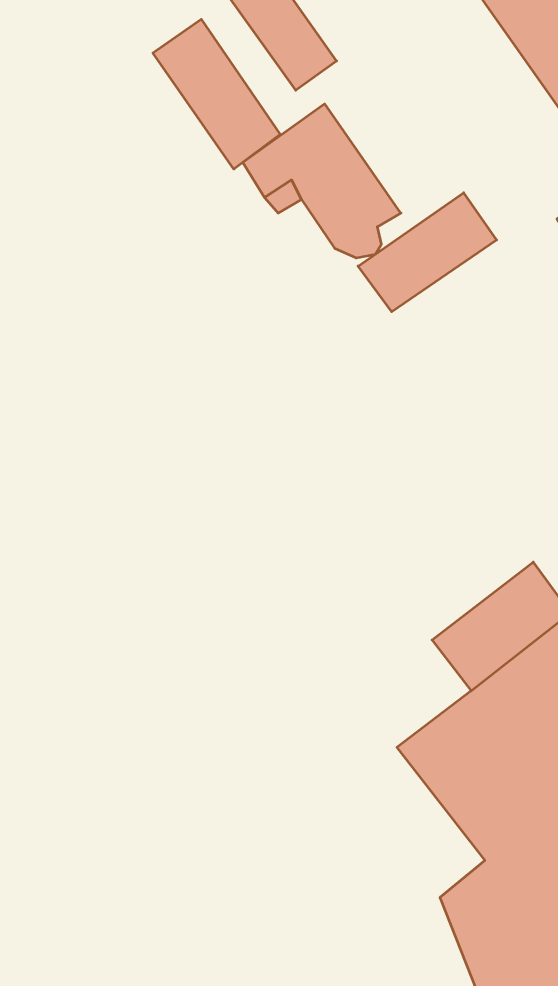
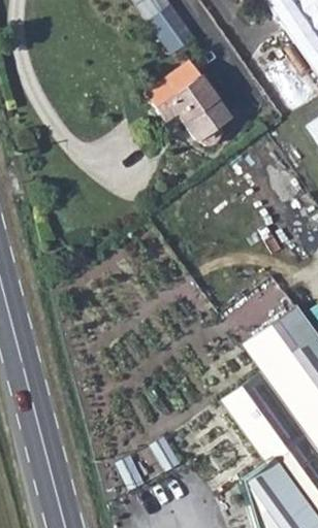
building: [153,19,280,169] -> none
building: [358,193,497,312] -> none

